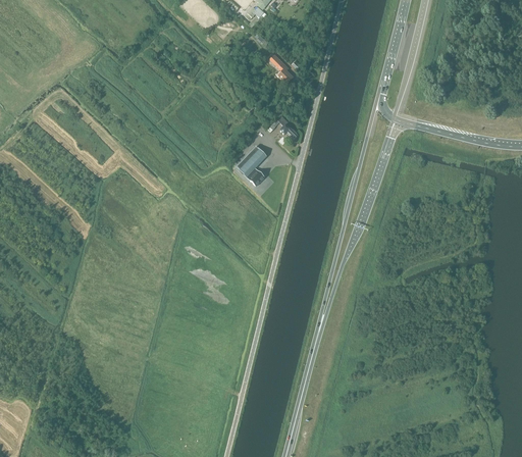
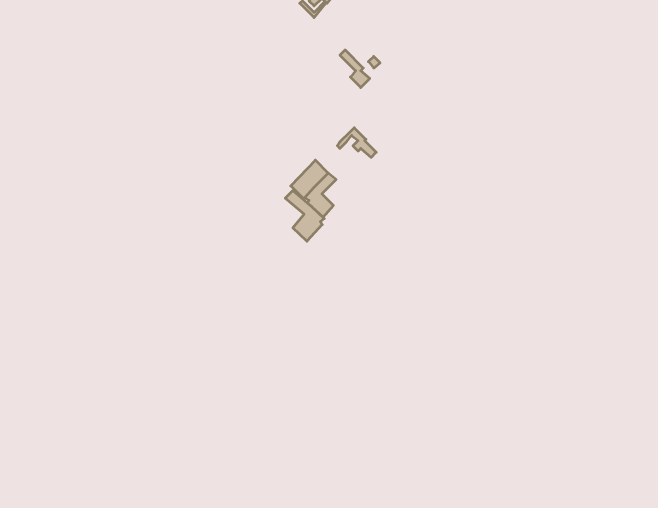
building: none -> [285,190,324,241]

